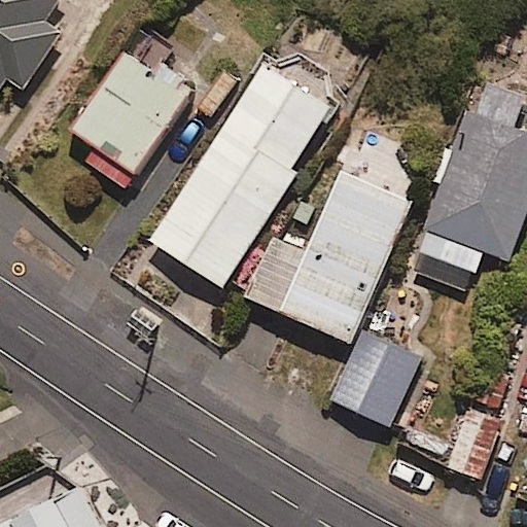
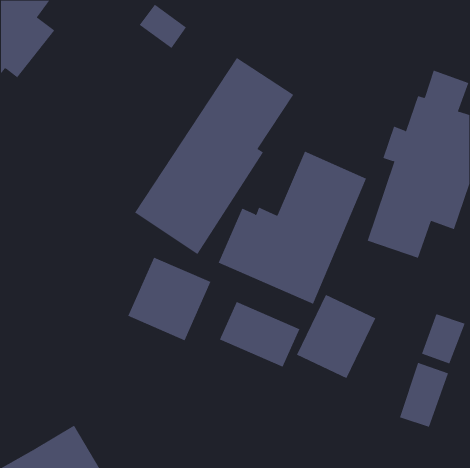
building: [69,32,194,188] -> none
building: none -> [127,257,211,341]
building: none -> [219,301,300,368]

